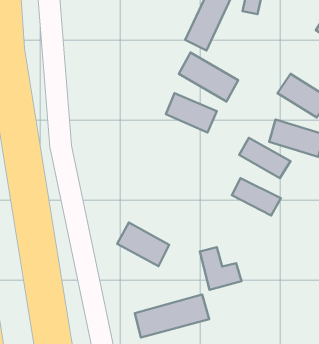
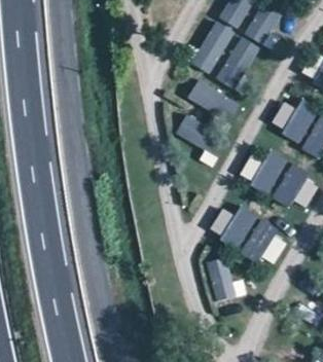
building: none -> [222,37,262,83]
building: [117,223,169,266] -> [213,219,263,261]
building: [135,295,209,337] -> none

